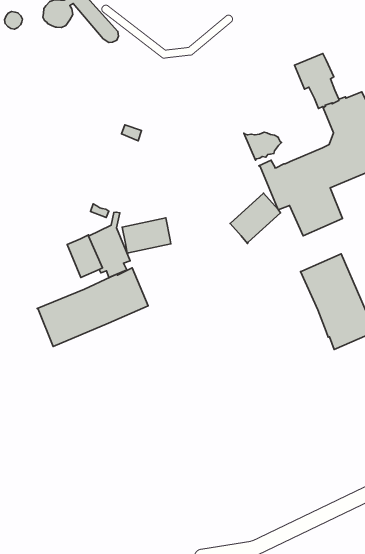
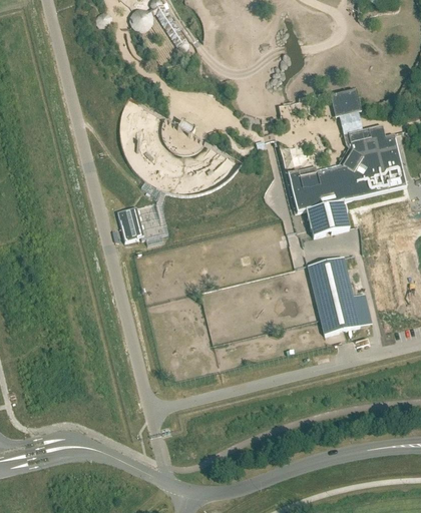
building: [230,193,281,243] -> none
building: [122,218,171,253] -> none
building: [37,268,148,346] -> none

